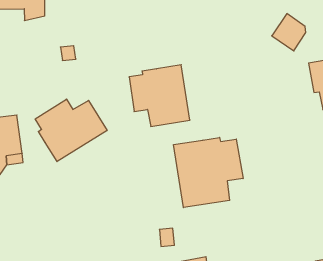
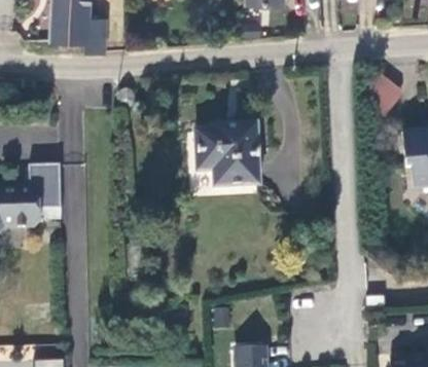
building: [35,99,107,162] -> none
building: [174,137,243,208] -> none

